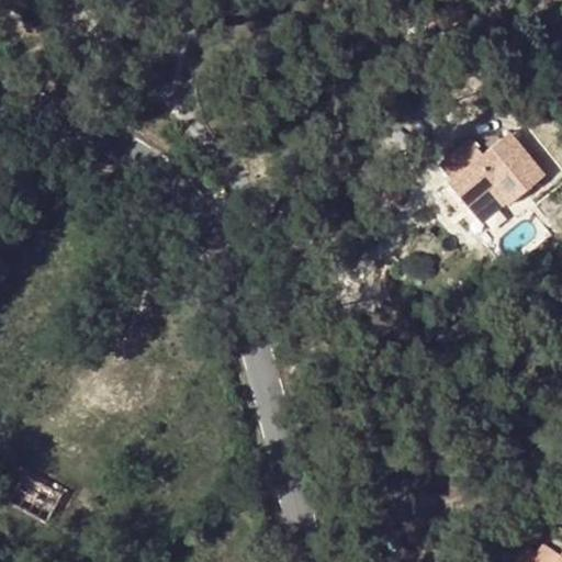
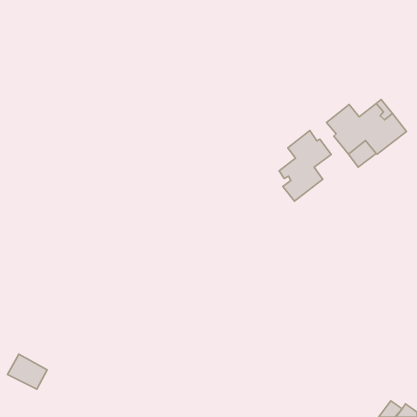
building: none -> [279,131,331,201]

